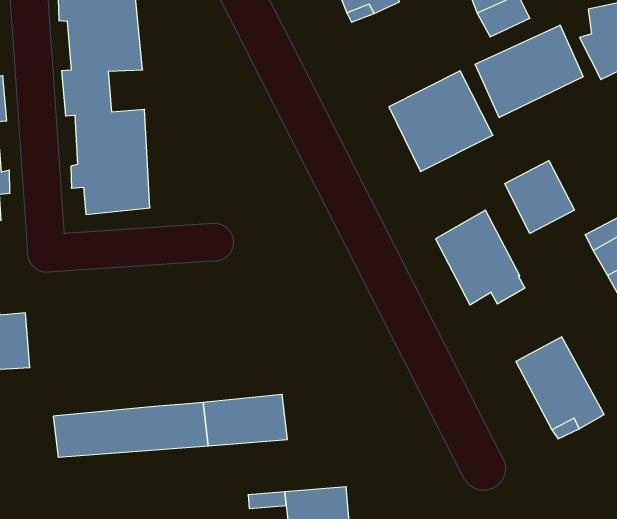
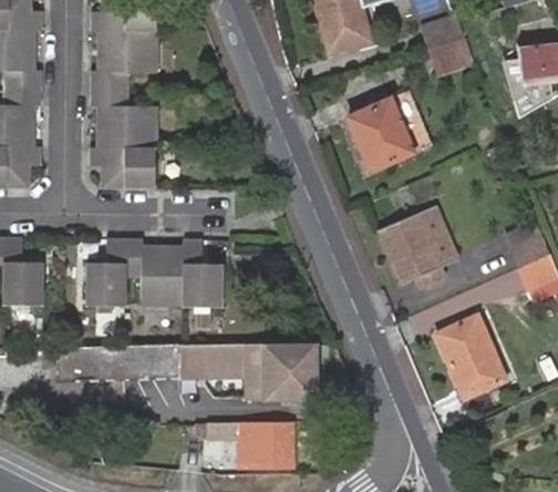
building: [475,25,583,118] -> none
building: [505,161,575,233] -> none
building: none -> [85,238,226,307]
building: none -> [246,345,317,398]

